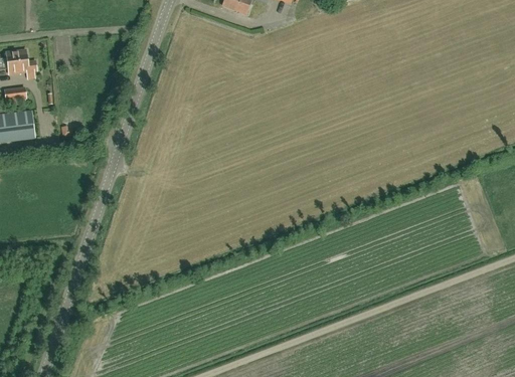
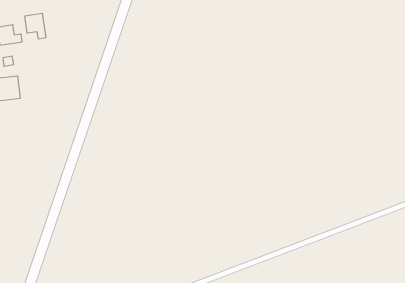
building: none -> [25,13,46,39]

